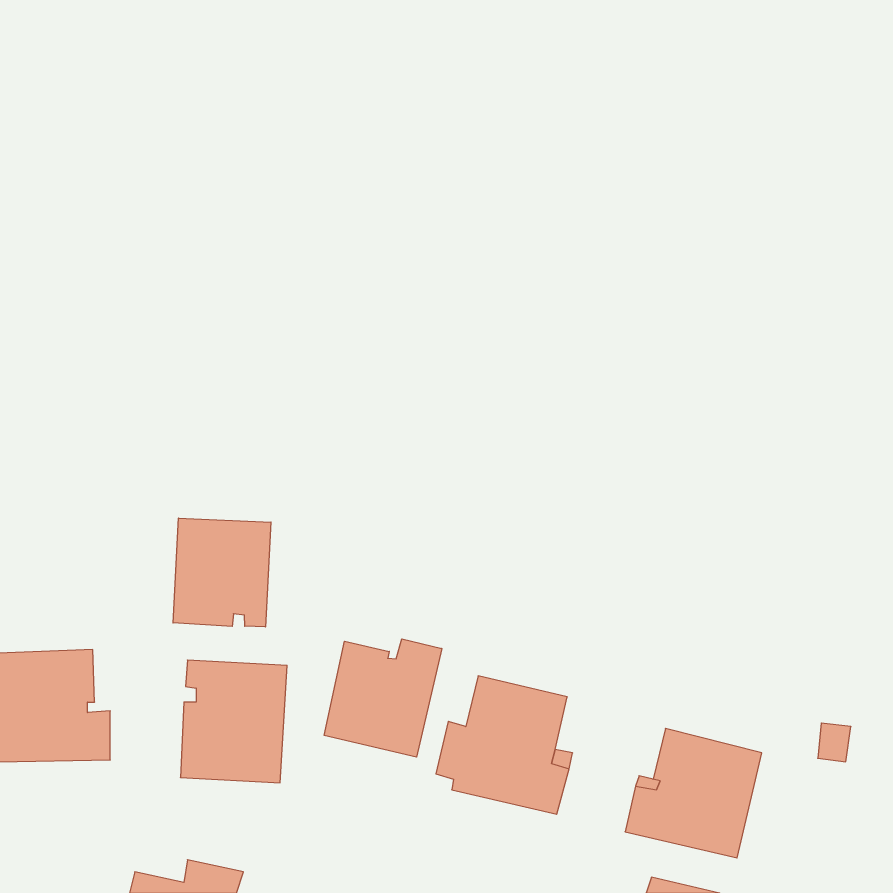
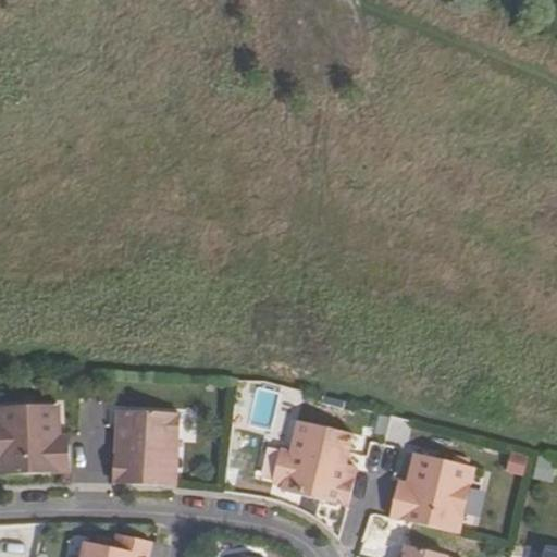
building: [173,518,271,627] -> none
building: [324,639,442,757] -> none

